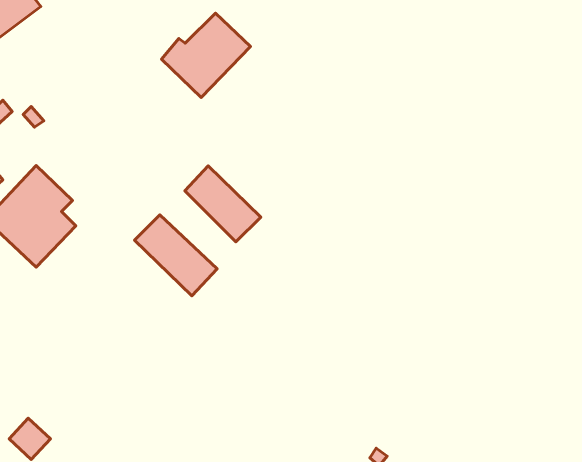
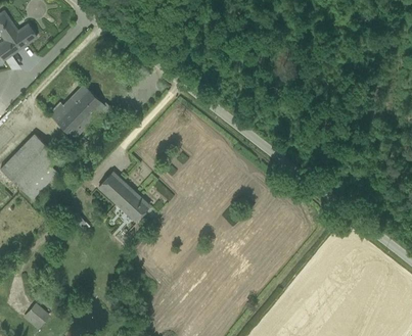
building: [161,13,250,97] -> [47,84,104,138]
building: [185,166,261,242] -> none

